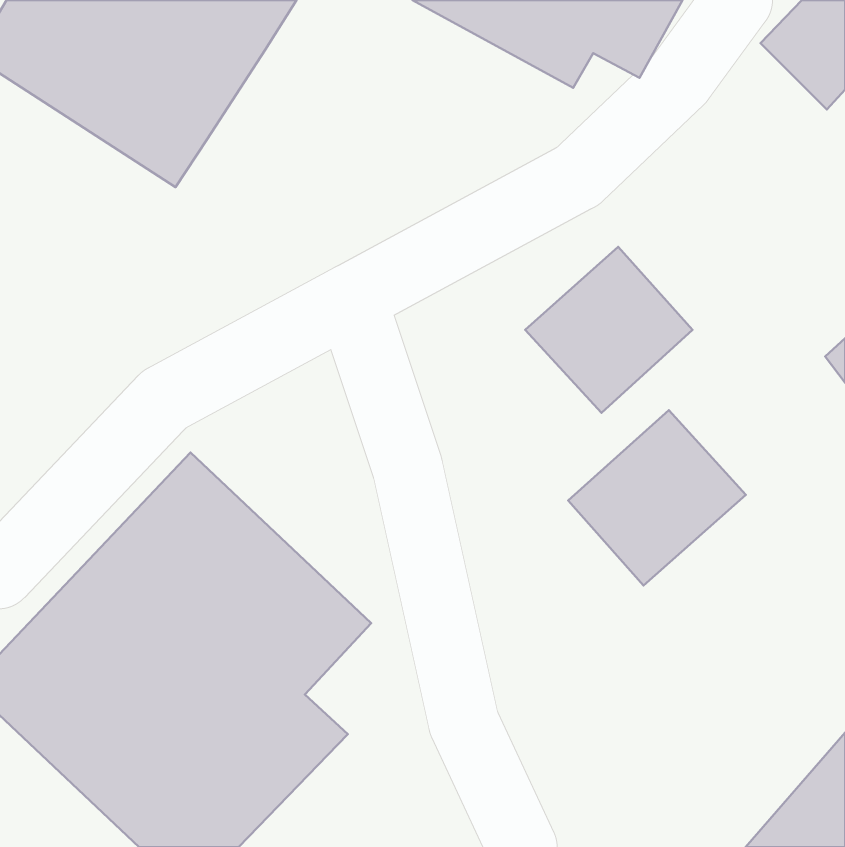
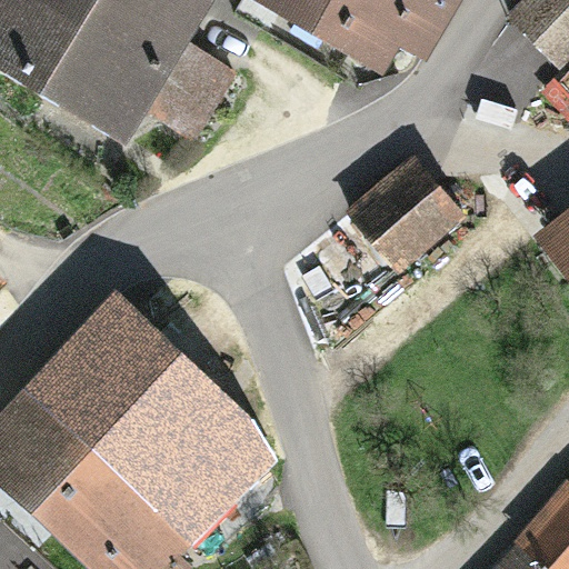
building: none -> [139,33,228,127]
building: [568,410,746,585] -> none

